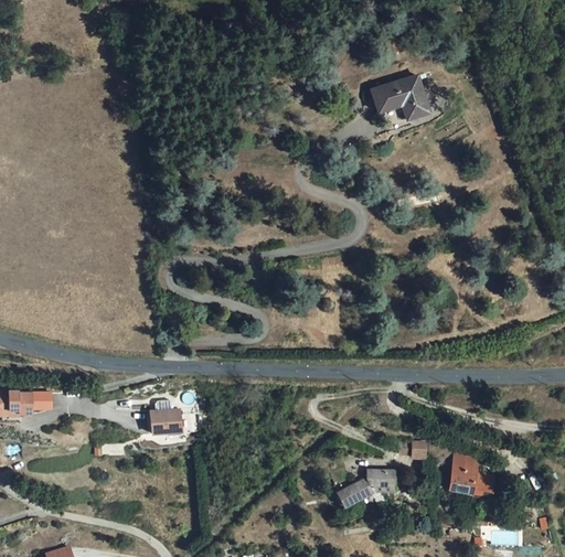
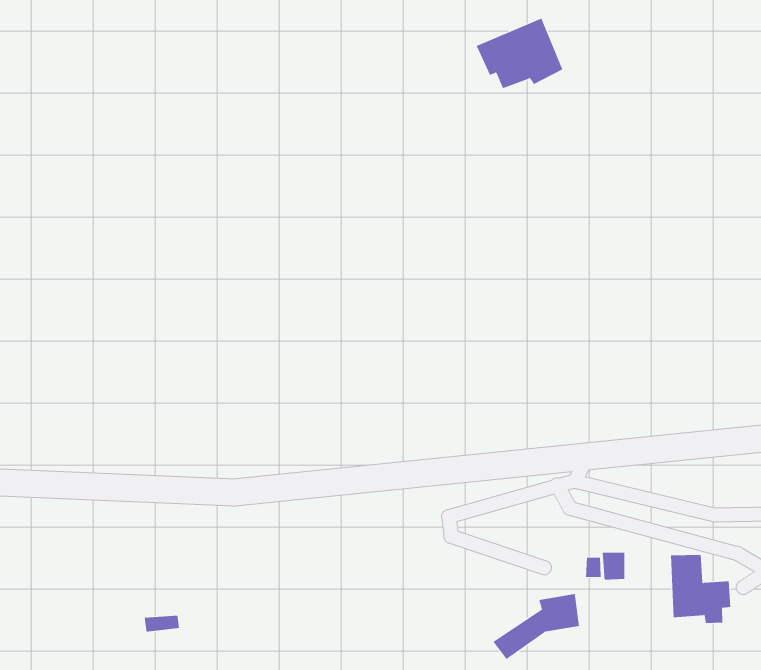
building: [15,389,55,414] -> none
building: [157,407,185,429] -> none

